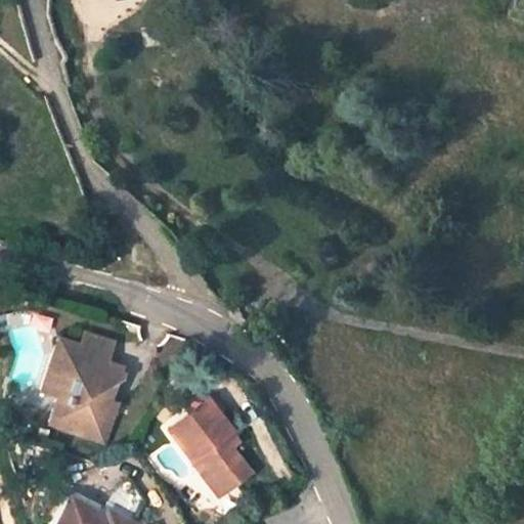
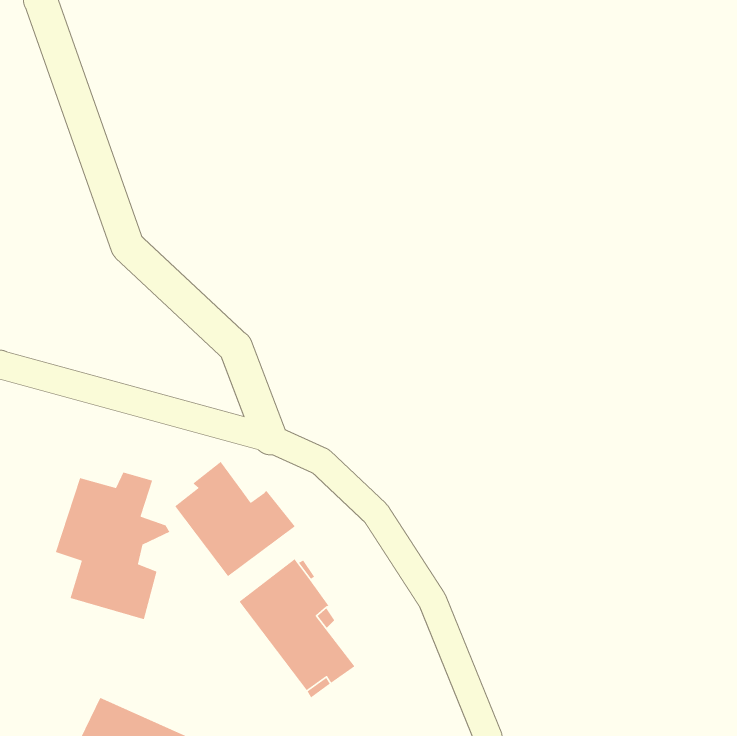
building: none -> [174,461,296,577]

